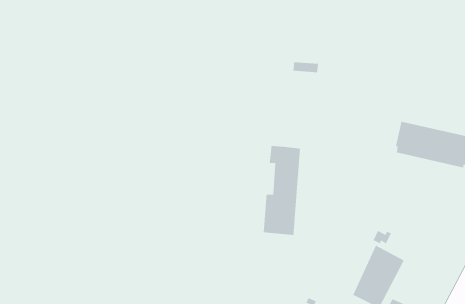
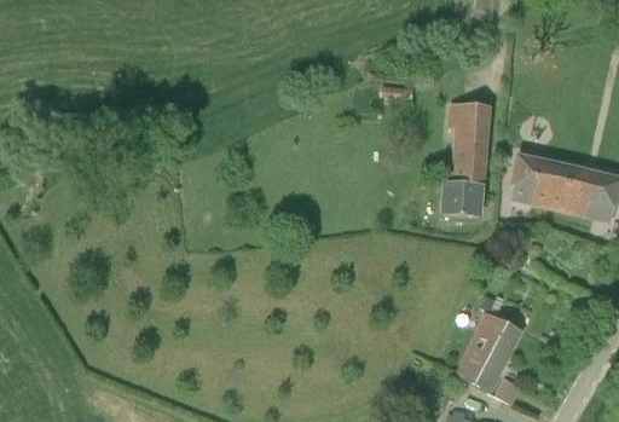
building: [263,145,301,236] -> [442,104,490,216]

